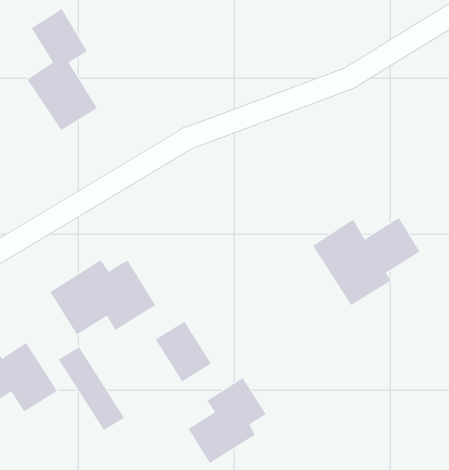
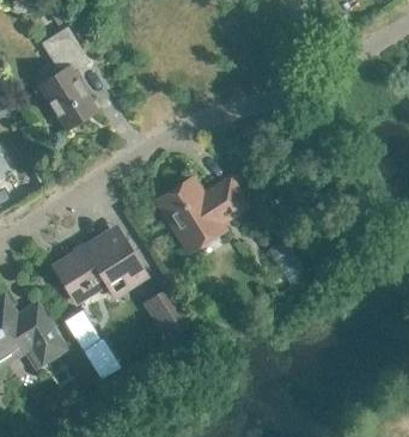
building: [312,217,421,306] -> [158,177,249,251]
building: [188,377,267,464] -> none

